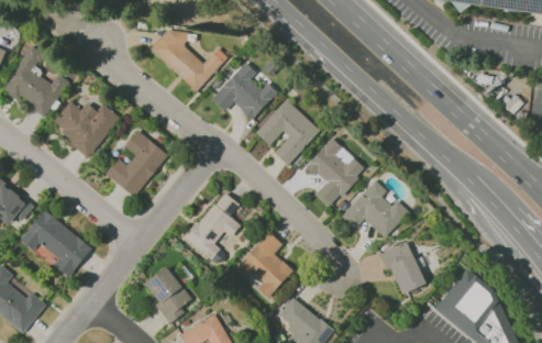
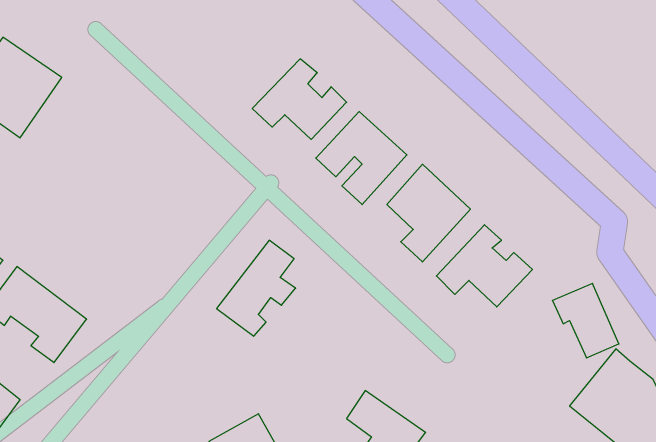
building: [150,25,228,91] -> none
building: [53,85,124,156] -> none
building: [103,131,170,199] -> none
building: [234,231,292,298] -> none
building: [378,241,425,294] -> [552,283,619,358]
building: [144,265,191,323] -> none

